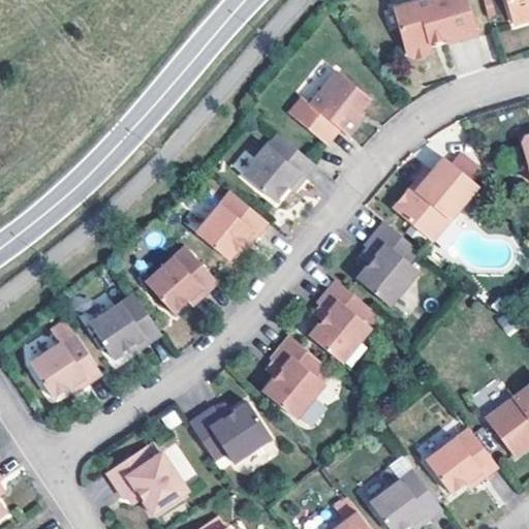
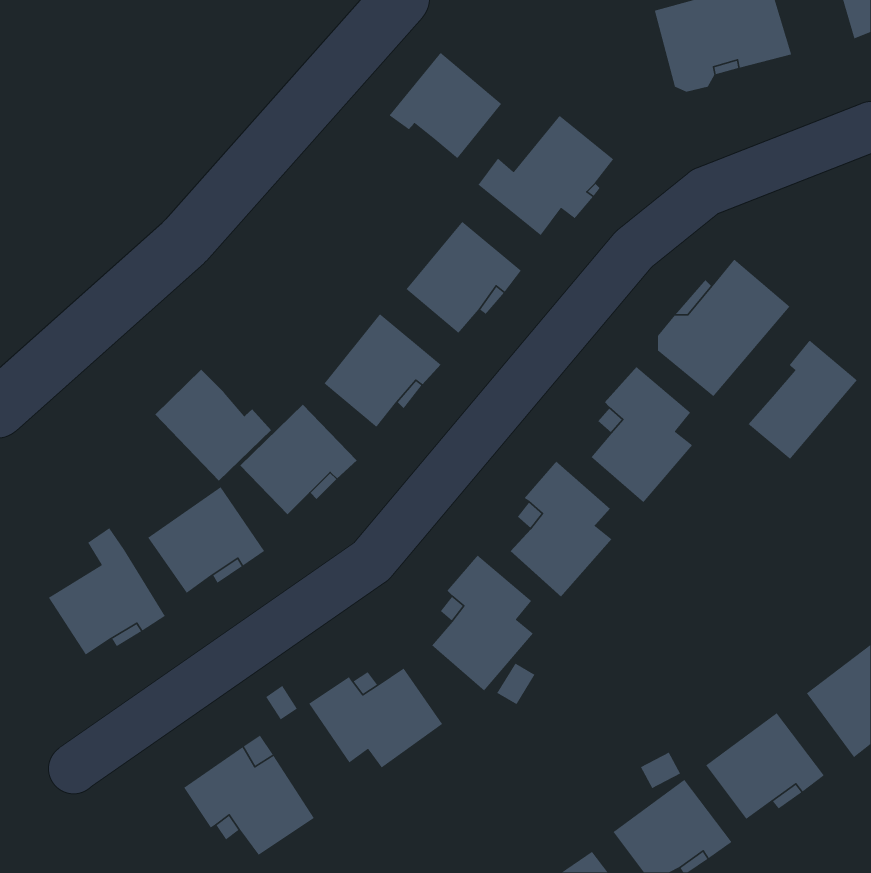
building: none -> [388,52,502,159]
building: none -> [748,339,858,460]
building: none -> [154,369,272,481]

